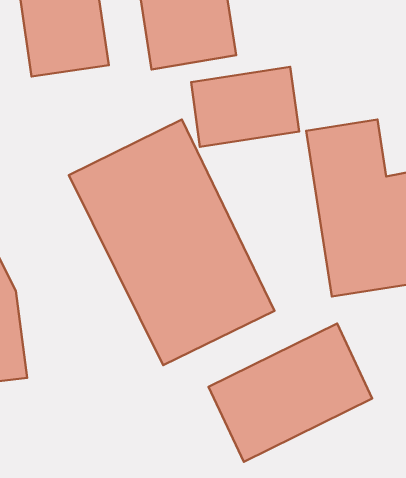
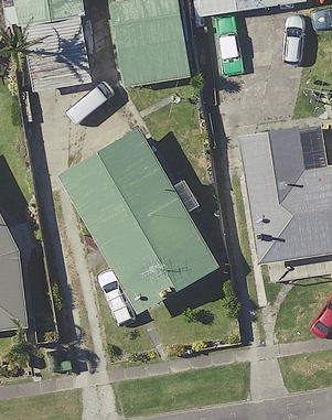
building: [191,67,299,147] -> none
building: [209,324,372,462] -> none

